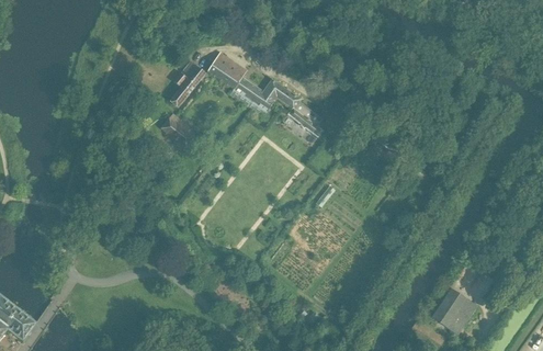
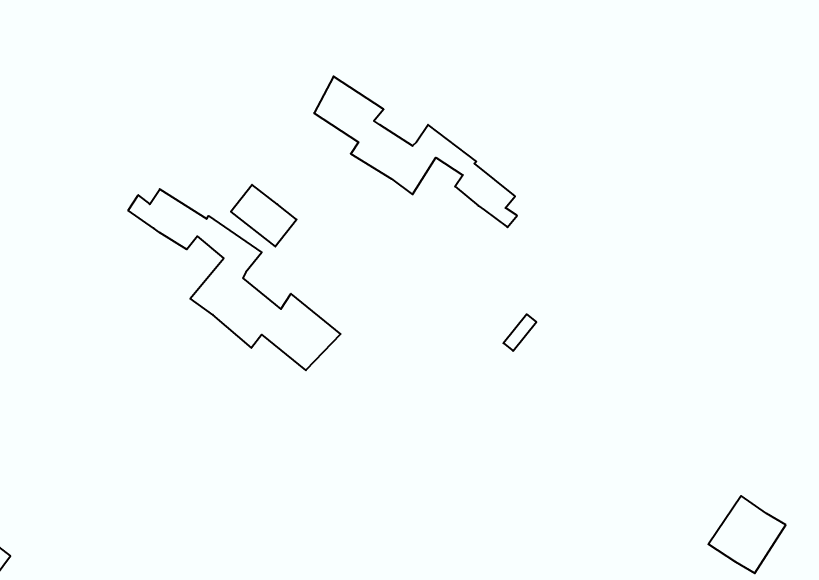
building: [170,60,205,107] -> none
building: none -> [128,189,341,370]

